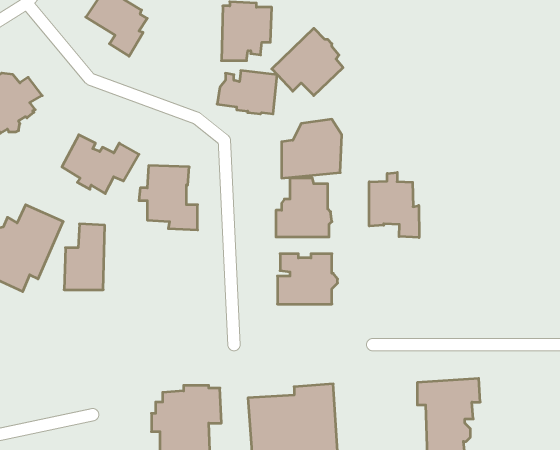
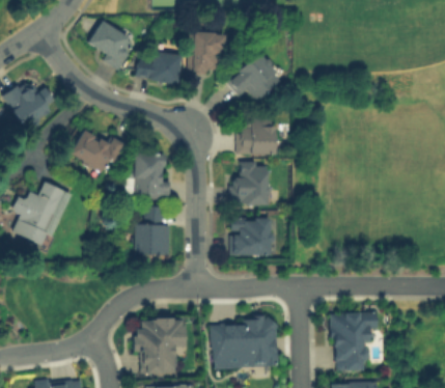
building: [217,71,277,114] -> [135,52,179,84]
building: [369,172,419,238] -> none
building: [64,224,105,290] -> [133,206,163,255]

